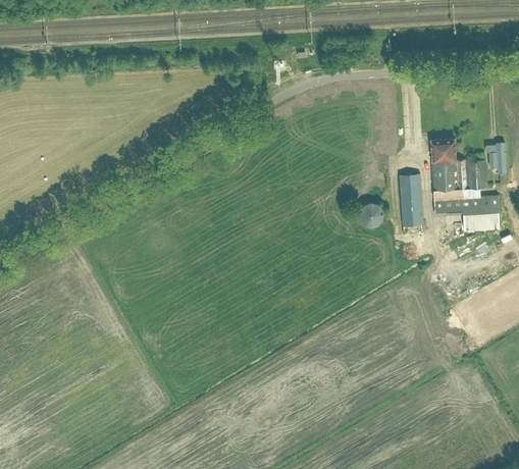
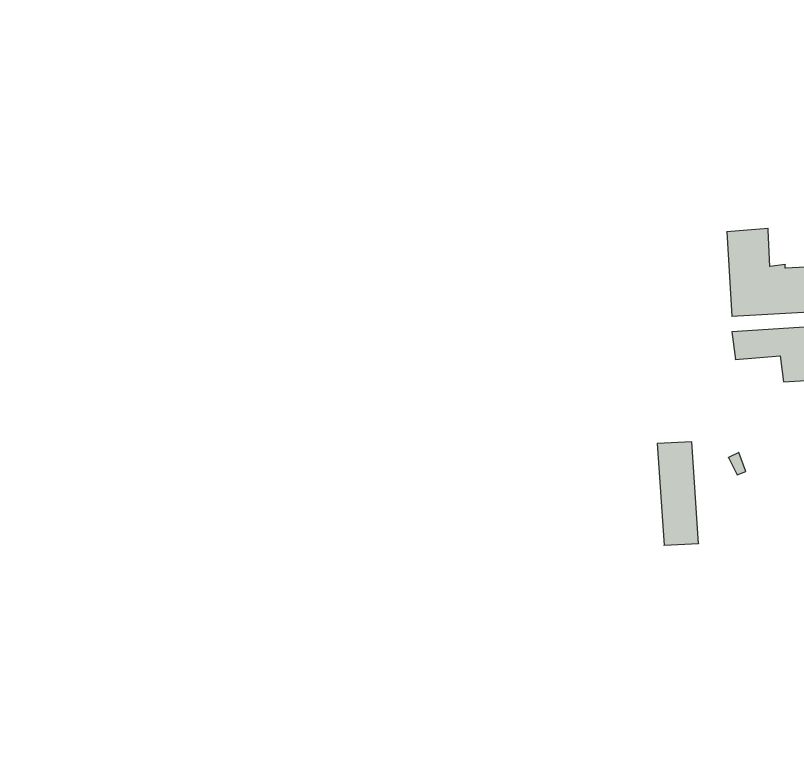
building: [399,174,423,236] -> [657,442,699,545]
building: [359,203,382,226] -> none

